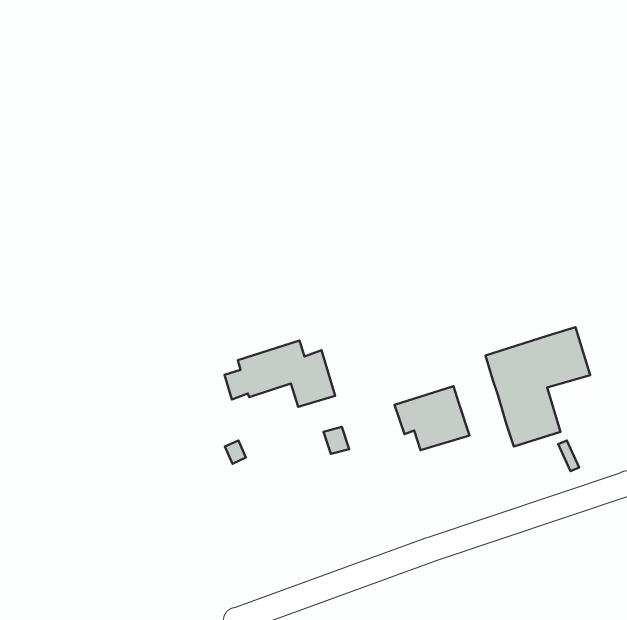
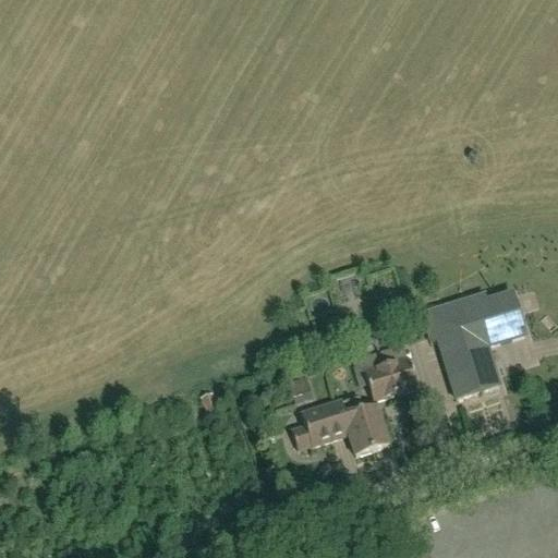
building: [224,340,335,407] -> [289,395,387,453]

